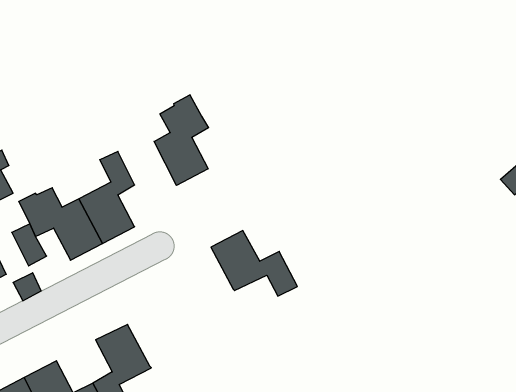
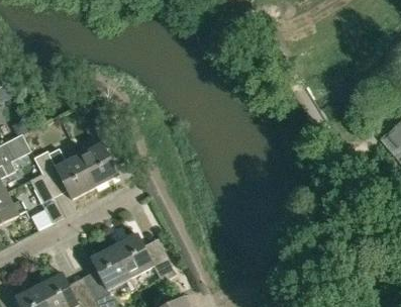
building: [154,95,209,185] -> none
building: [211,231,297,296] -> [113,232,176,280]

